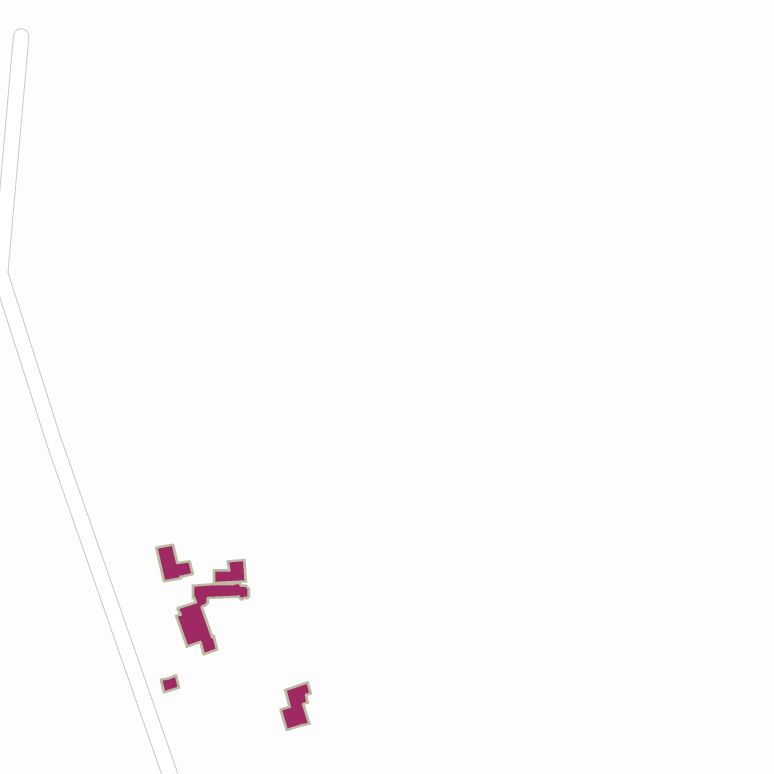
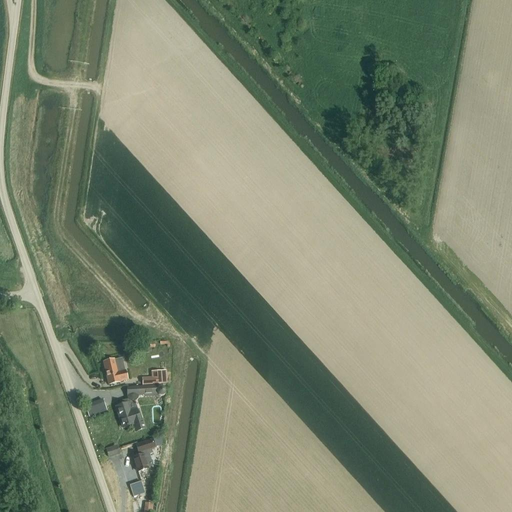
building: [281,683,311,730] -> [134,439,154,470]

